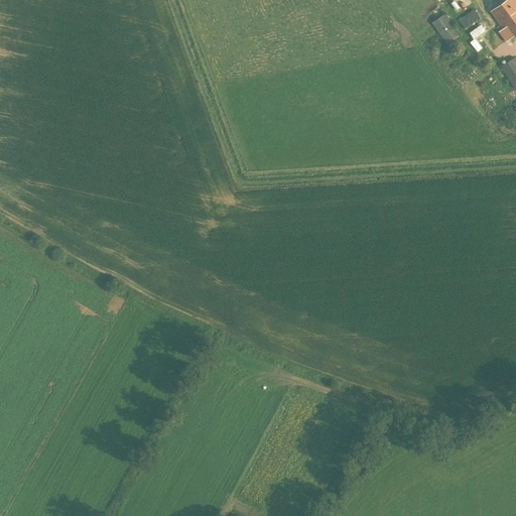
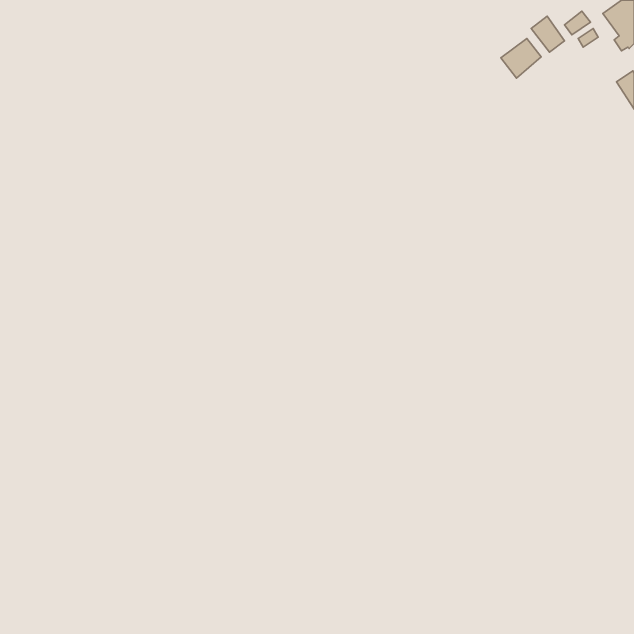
building: none -> [501,39,541,78]

